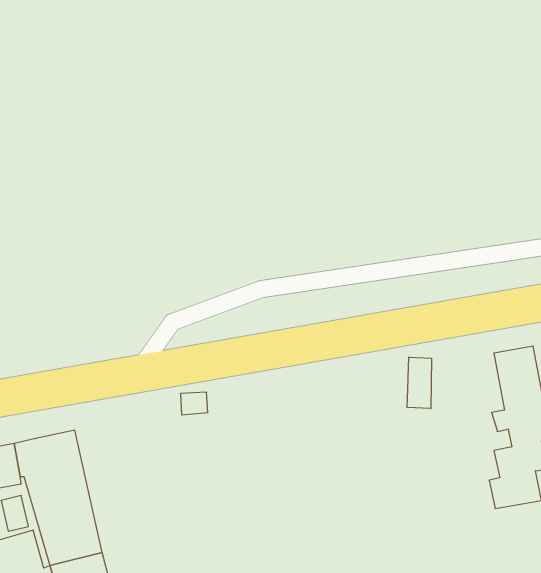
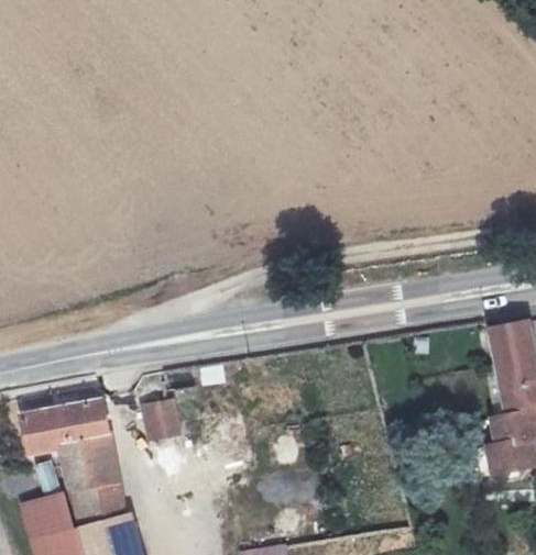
building: [407,357,432,409] -> none
building: none -> [144,402,178,439]

